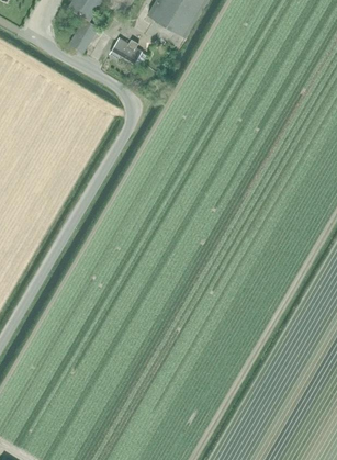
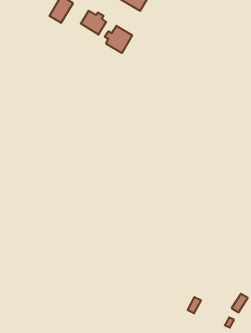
building: none -> [105,26,132,53]

